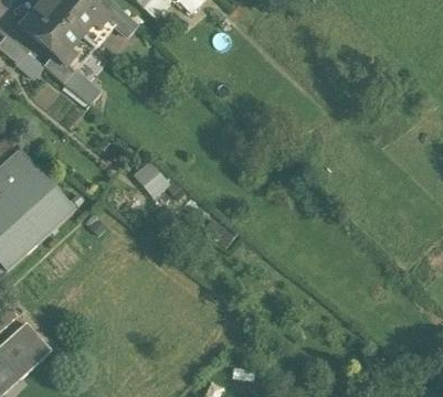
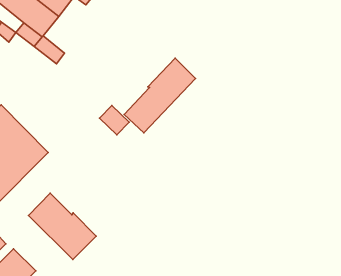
building: none -> [124,58,196,133]
building: none -> [29,193,96,259]

